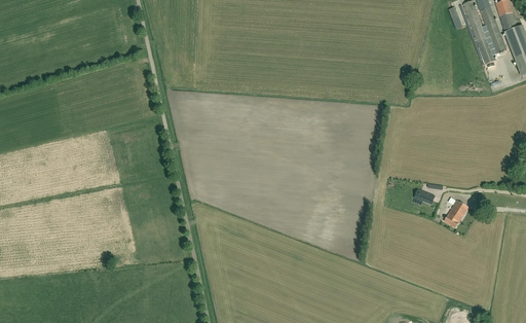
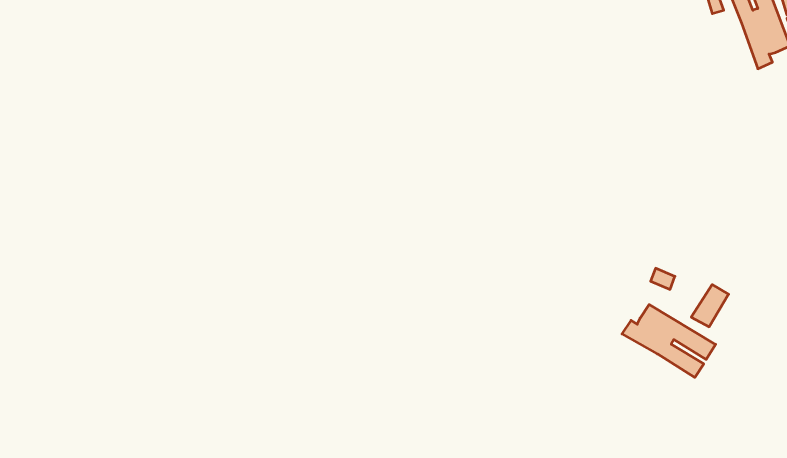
building: none -> [622,305,716,377]

